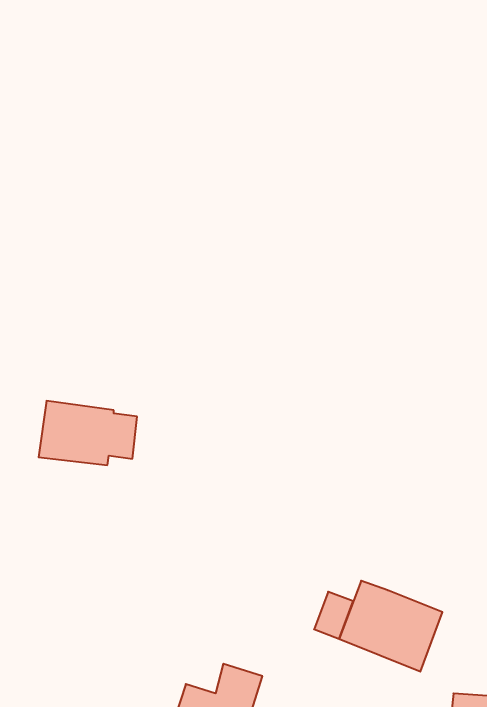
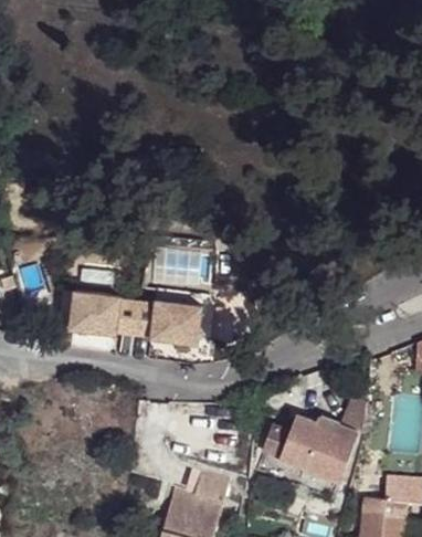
building: none -> [135,301,204,346]
building: none -> [315,398,366,440]

